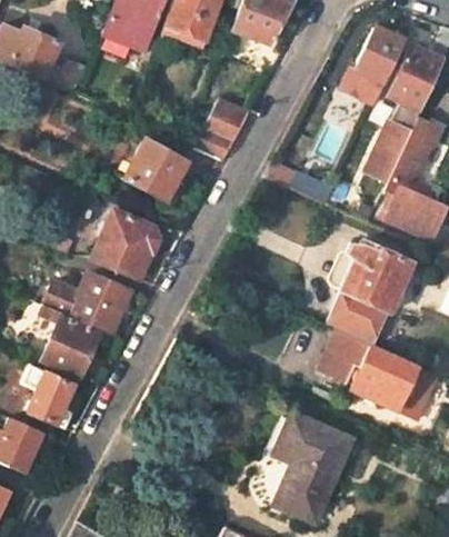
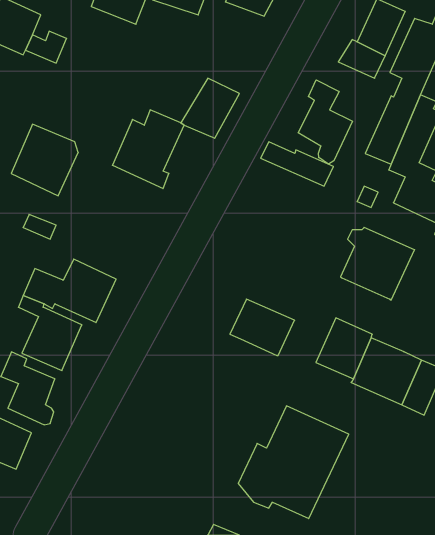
building: none -> [298,80,352,164]
building: [92,211,156,279] -> [11,124,78,196]
building: [327,290,388,344] -> [230,299,295,355]

